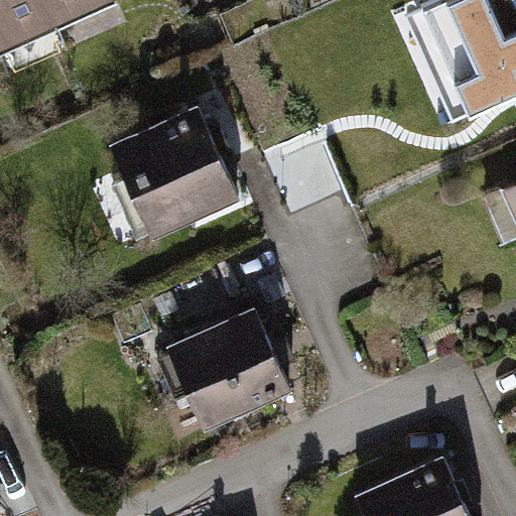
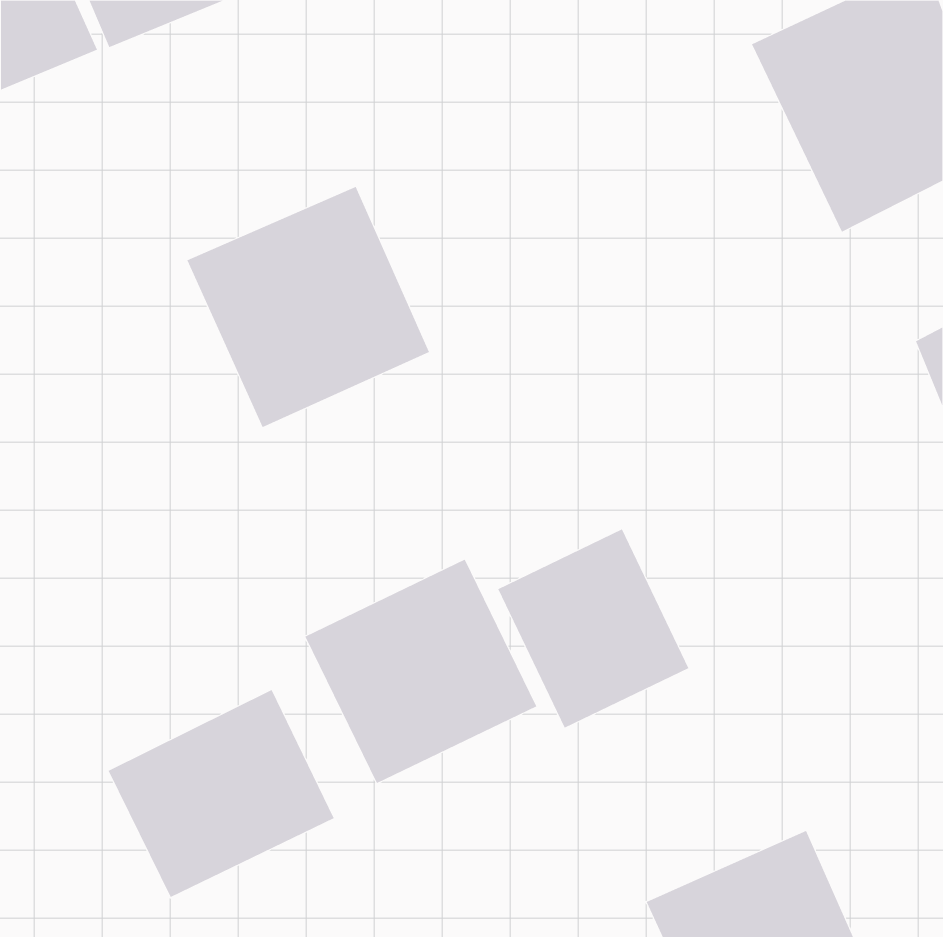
building: none -> [498,529,689,728]
building: none -> [108,689,334,898]

